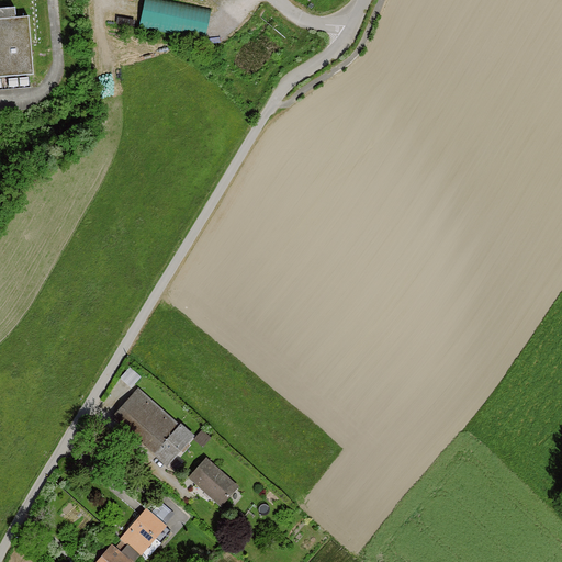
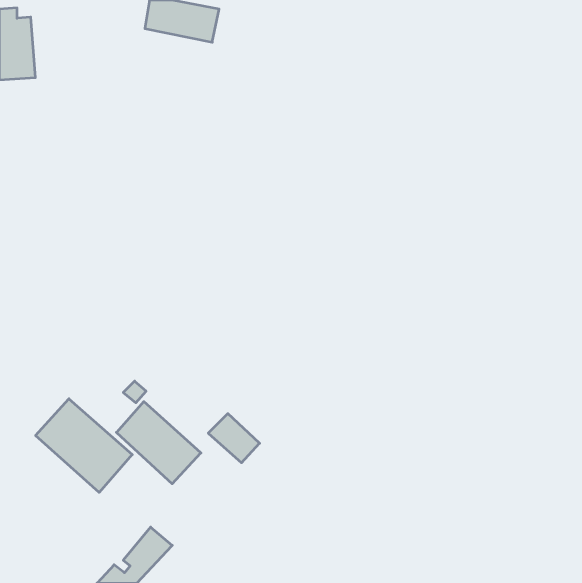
building: none -> [36,399,132,492]
building: [188,458,237,505] -> [208,414,260,463]

